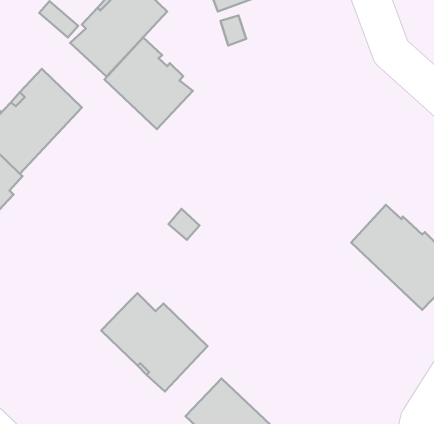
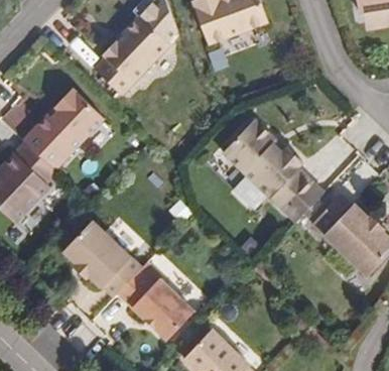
building: [104,37,193,129] -> none
building: none -> [223,119,325,222]
building: none -> [62,223,140,298]

